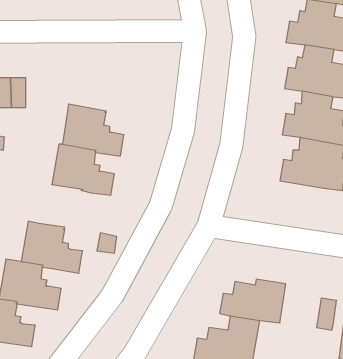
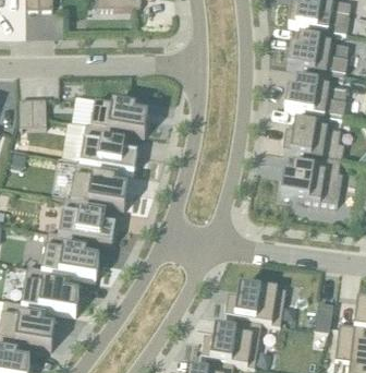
building: none -> [90,97,147,134]
building: none -> [58,195,114,242]

